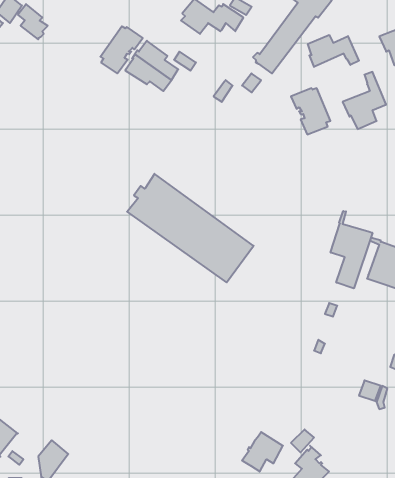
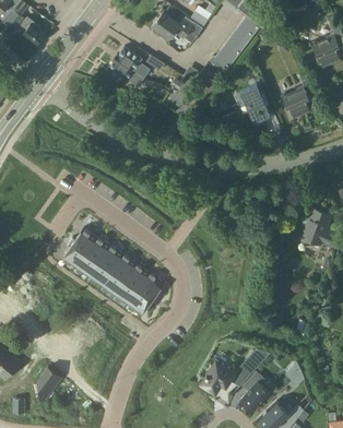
building: [100,26,143,73] -> none
building: [308,35,359,67] -> none
building: [127,174,254,282] -> [60,227,162,314]
building: [331,211,372,288] -> none

